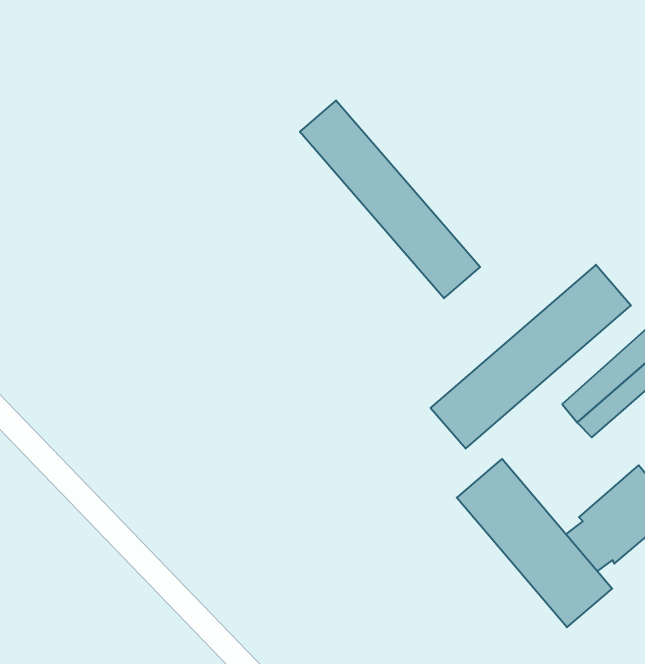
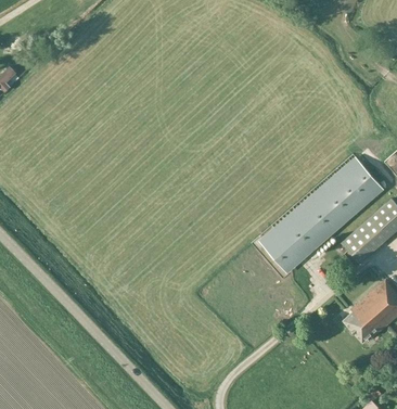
building: [300,100,480,298] -> none
building: [457,459,612,627] -> none

